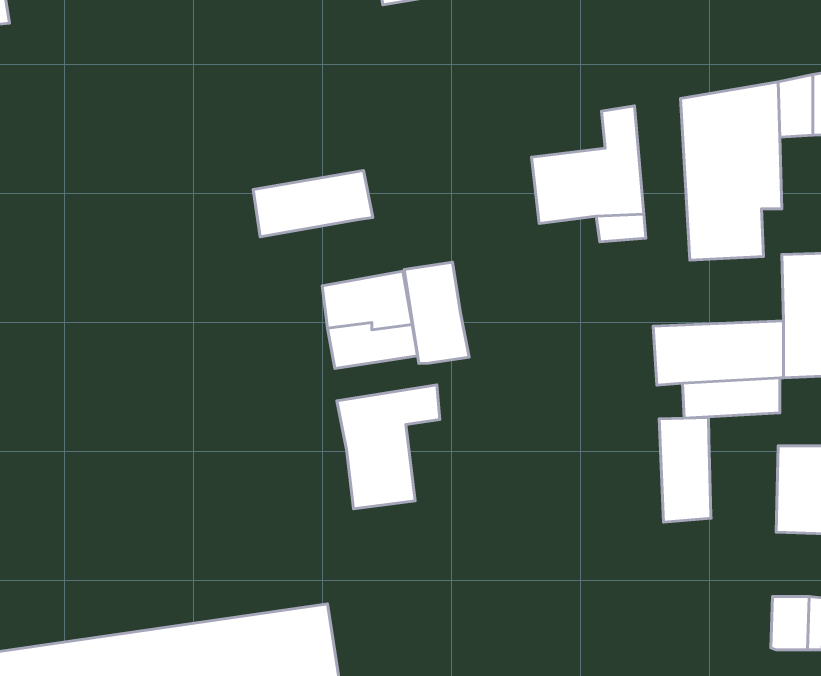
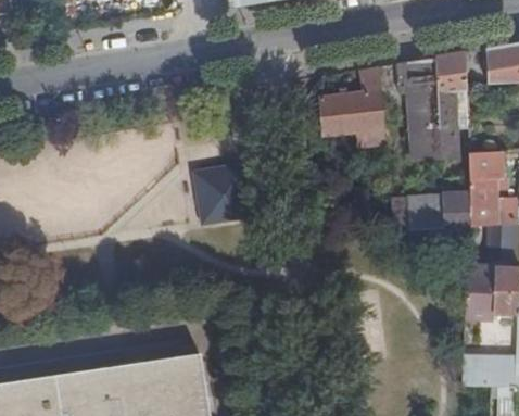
building: [253,170,373,237] -> none
building: [404,262,469,363] -> none
building: [337,385,440,509] -> none
building: [659,418,711,522] -> none

